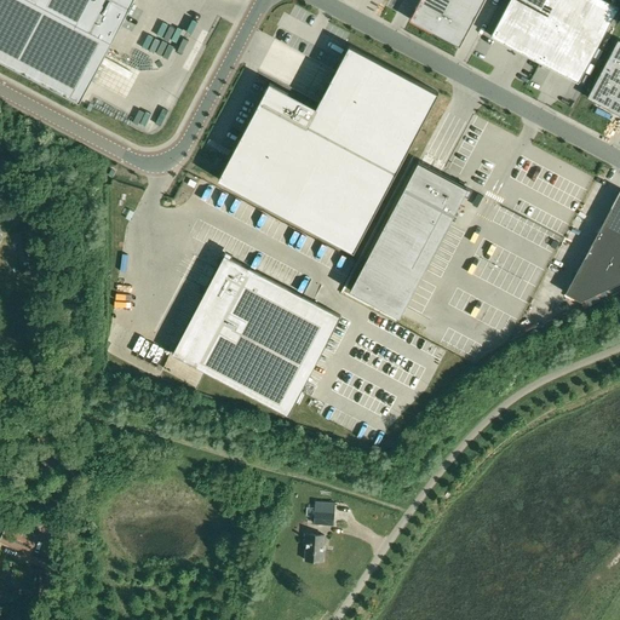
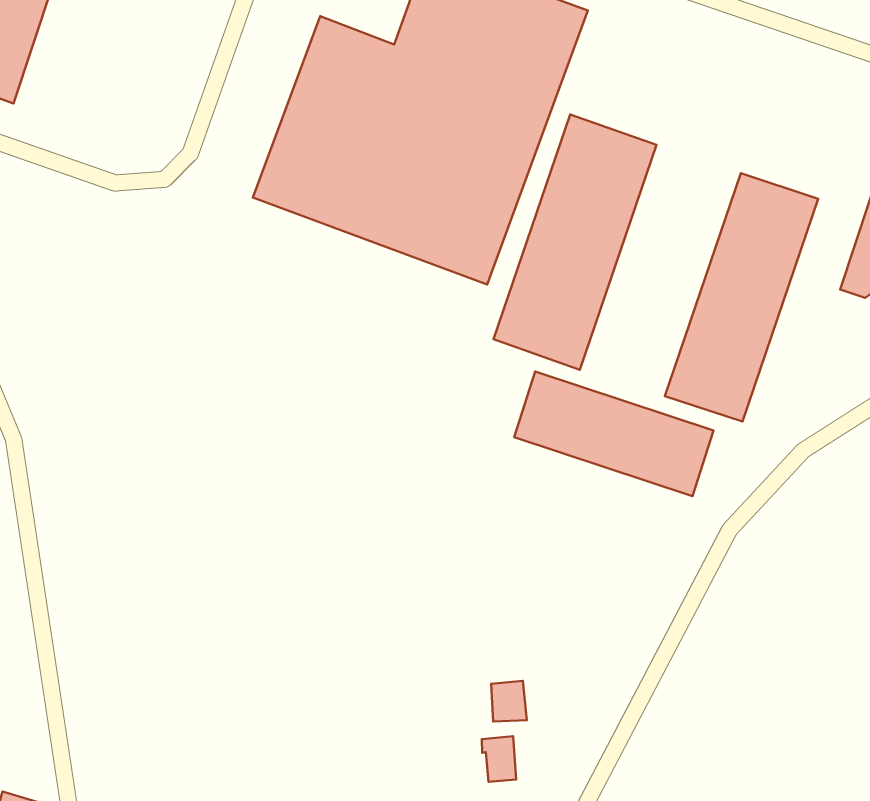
building: none -> [665,173,818,421]
building: [173,254,340,413] -> none
building: none -> [514,371,714,496]

